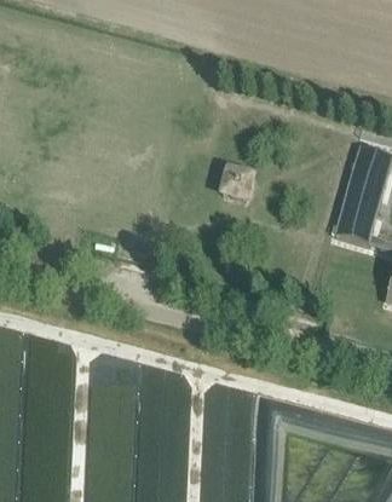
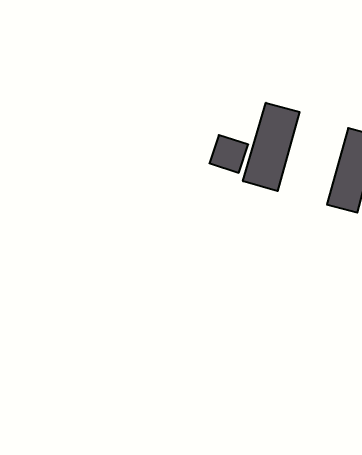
building: none -> [243,103,300,191]

